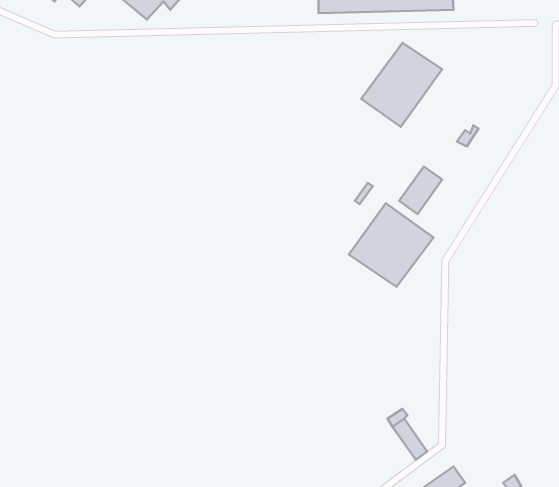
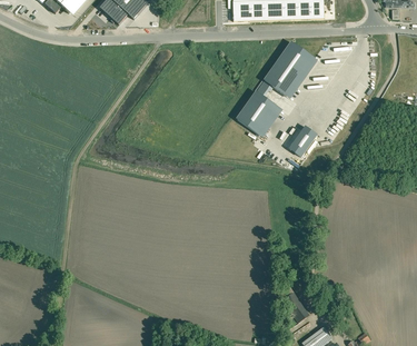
building: none -> [236,89,281,136]
building: [349,203,433,287] -> none

